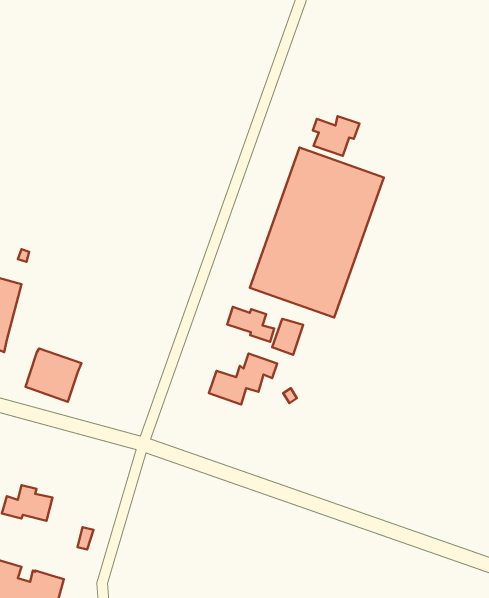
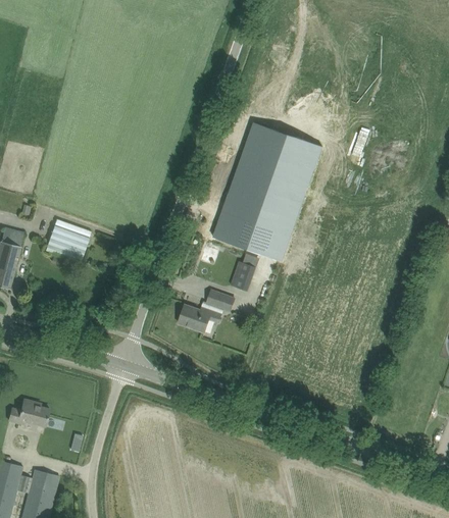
building: [313,116,359,156] -> none
building: [227,307,274,342] -> none
building: [26,348,81,402] -> [46,219,92,263]

